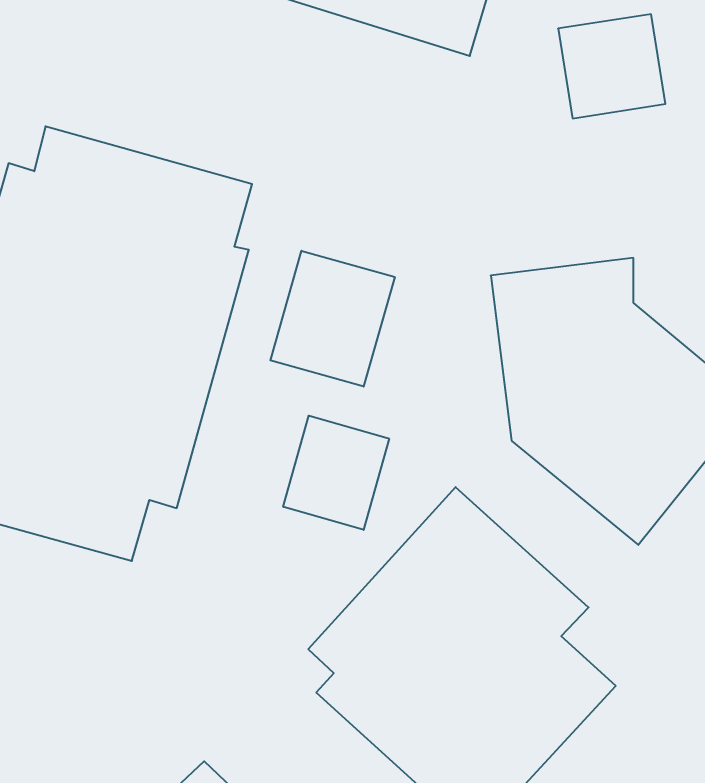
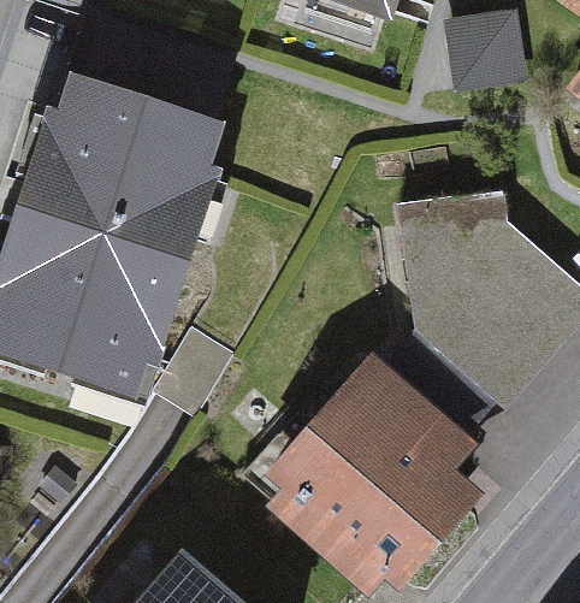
building: [270,251,395,387] -> none
building: [283,416,389,530] -> none

